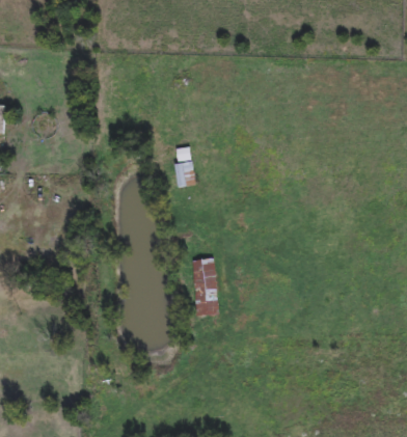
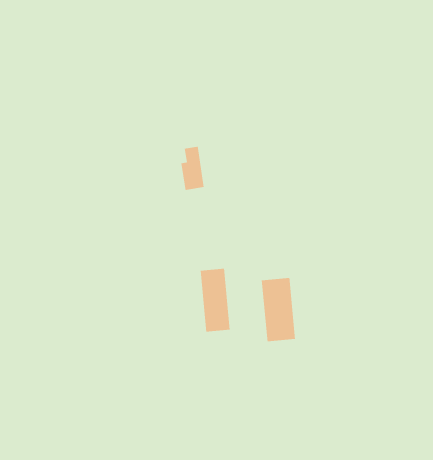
building: none -> [261,277,295,342]

